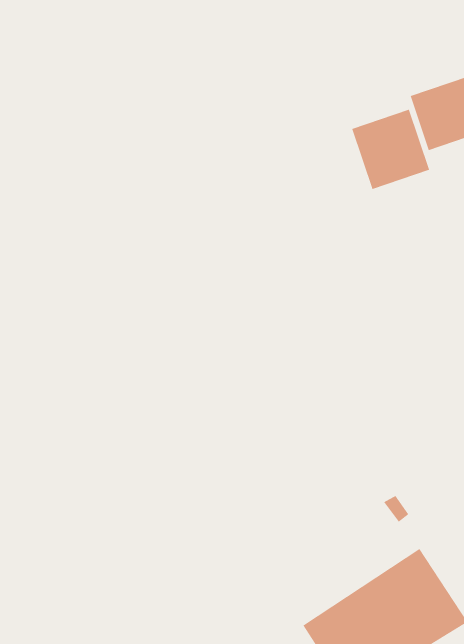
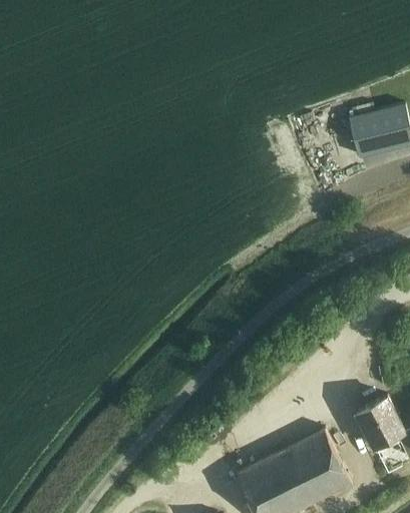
building: [351,109,430,190] -> none

